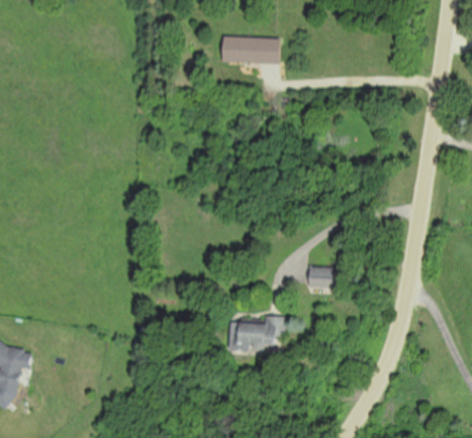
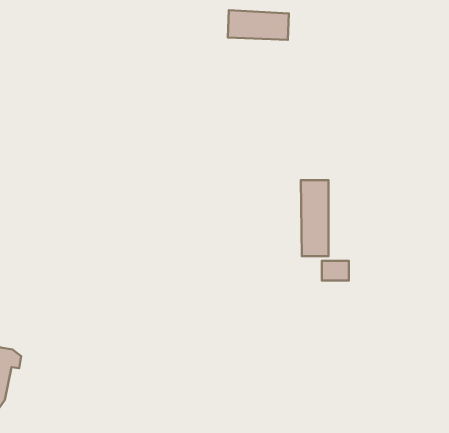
building: none -> [301,180,329,256]
building: [231,315,286,347] -> none

